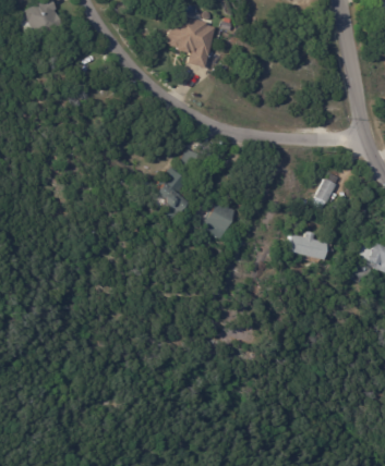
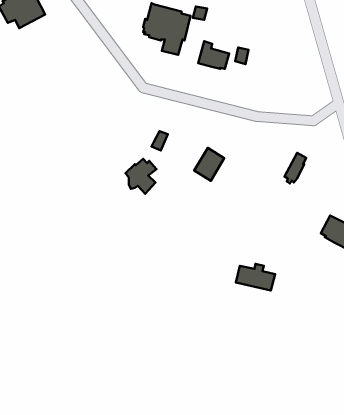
building: none -> [198,41,229,69]
building: [206,200,238,235] -> [194,148,224,181]
building: [285,232,326,260] -> [236,264,275,291]

